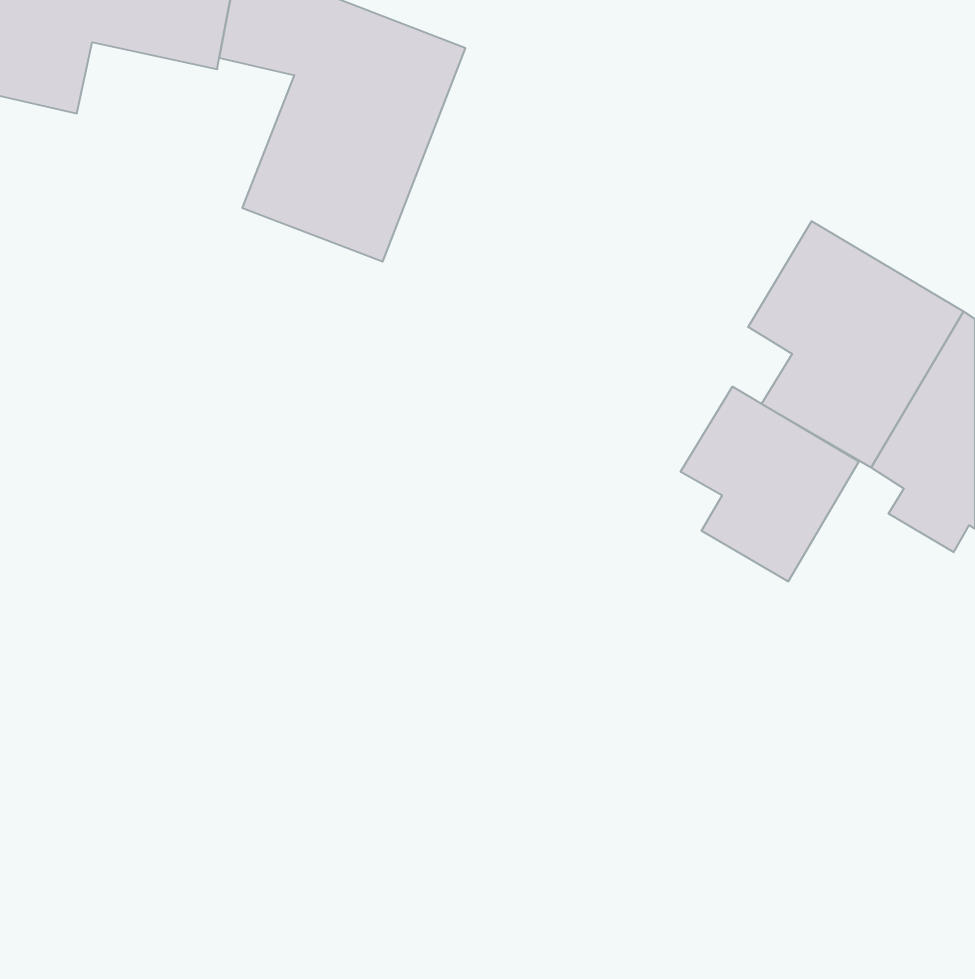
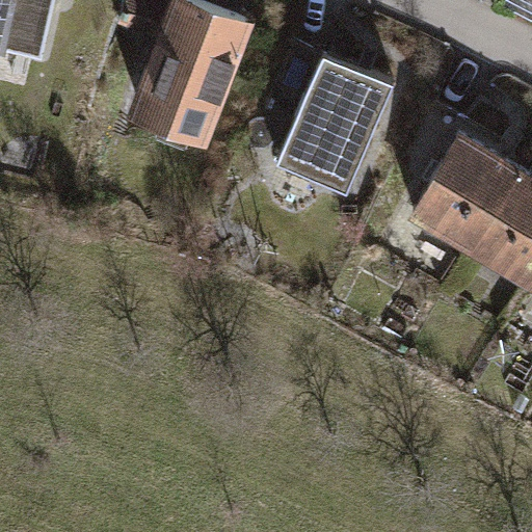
building: none -> [280,56,393,190]
building: [681,387,859,582] -> none

